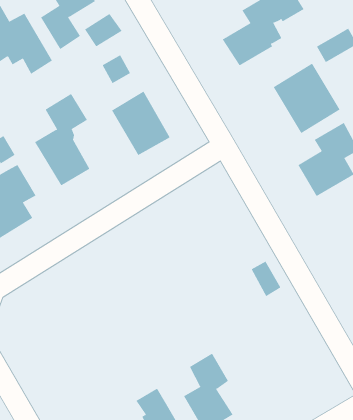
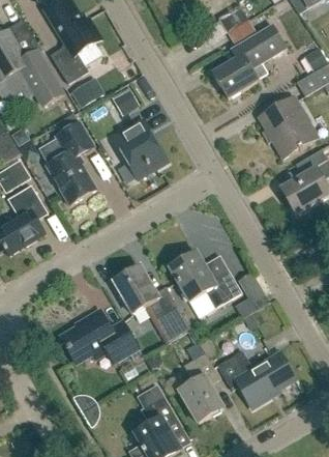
building: [84,13,123,47] -> [64,75,98,105]
building: none -> [169,252,240,308]
building: none -> [113,265,188,339]
building: none -> [59,309,139,363]
building: none -> [216,349,295,406]

